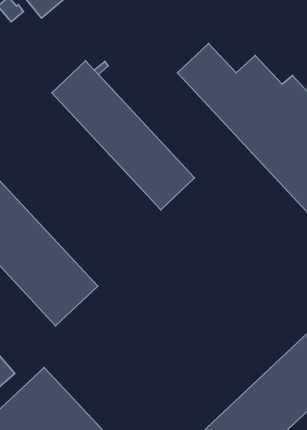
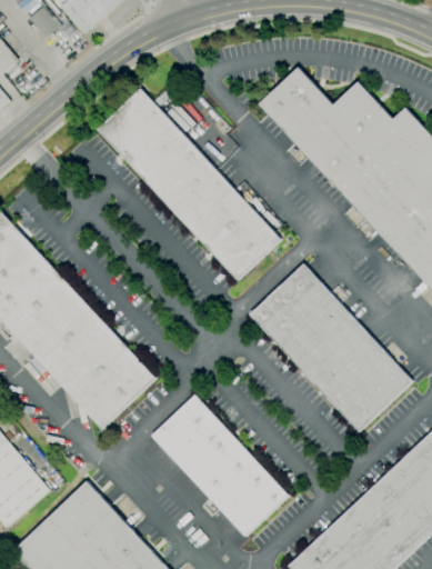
building: none -> [250,264,413,431]
building: none -> [152,396,289,536]

